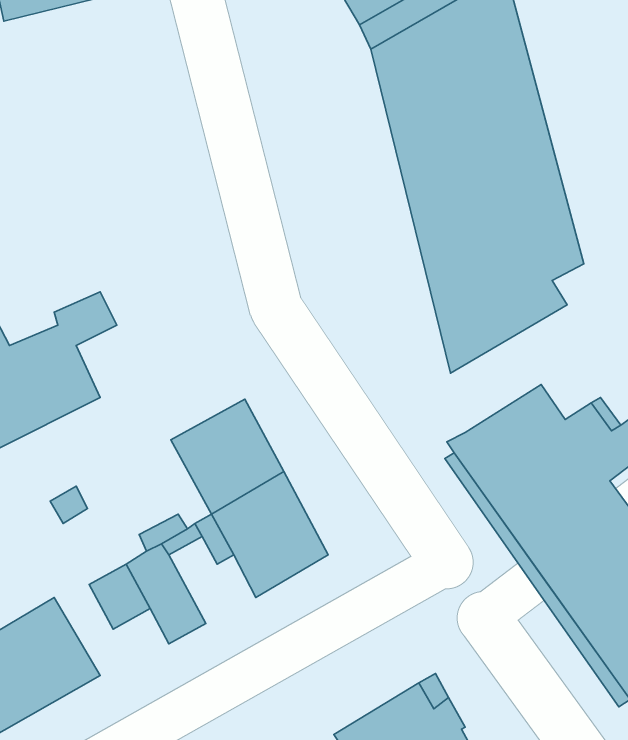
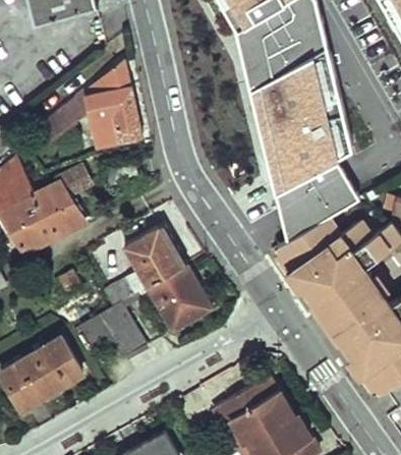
building: none -> [42,57,144,145]
building: none -> [278,172,356,242]

